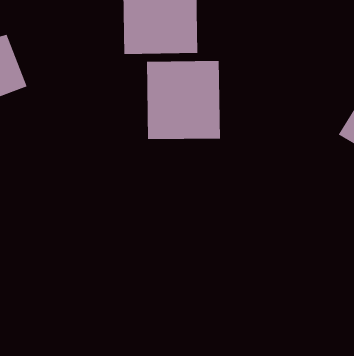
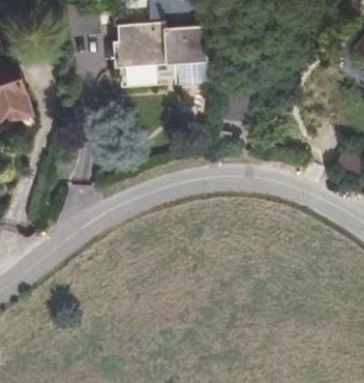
building: [146,60,220,140] -> none

